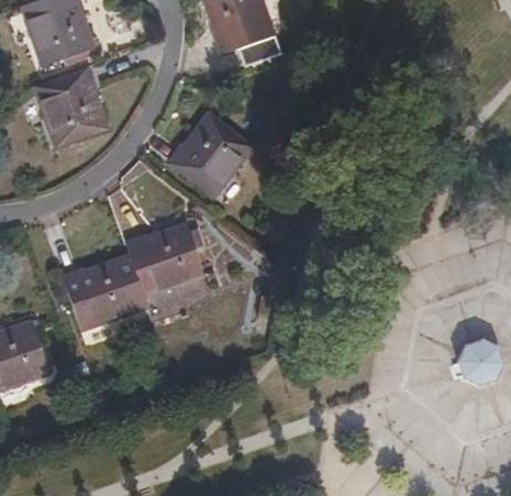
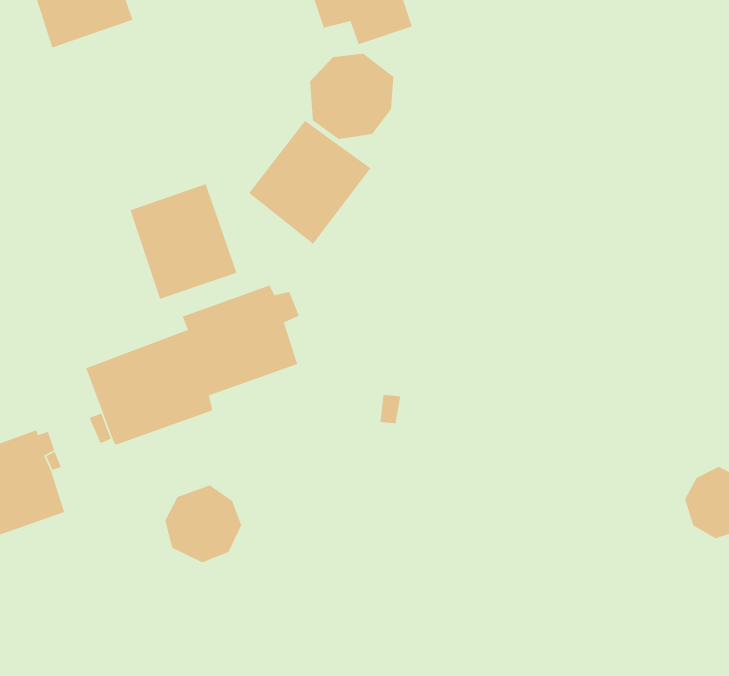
building: [35,68,107,145] -> [130,183,238,300]
building: none -> [309,53,394,140]
building: none -> [164,485,242,563]

